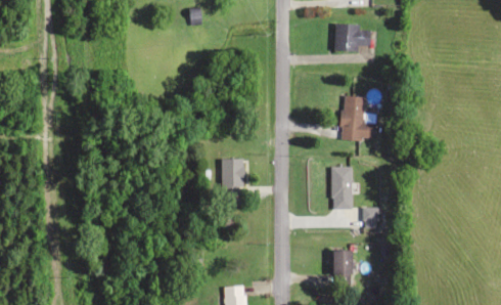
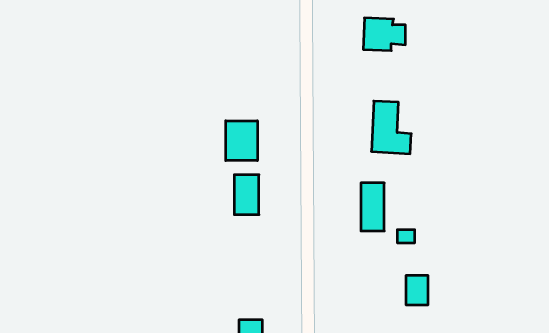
building: none -> [226,121,257,161]
building: [333,250,353,275] -> [406,276,428,305]

